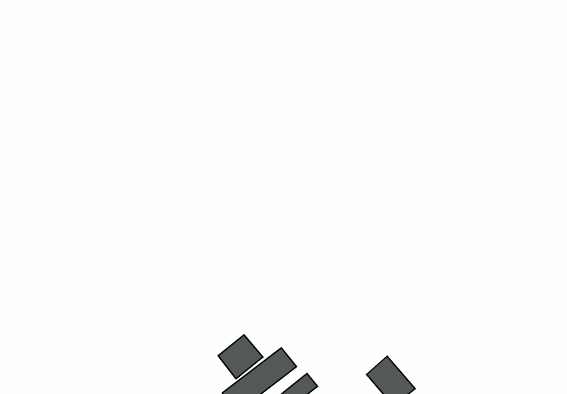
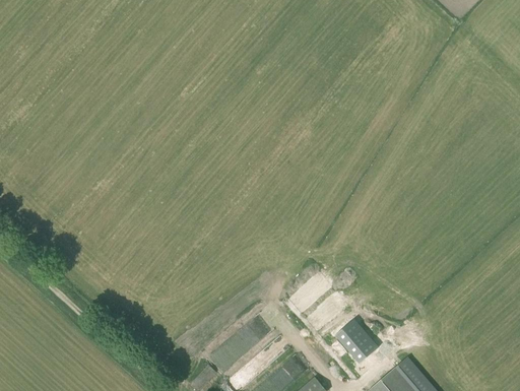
building: [218,335,263,379] -> none

